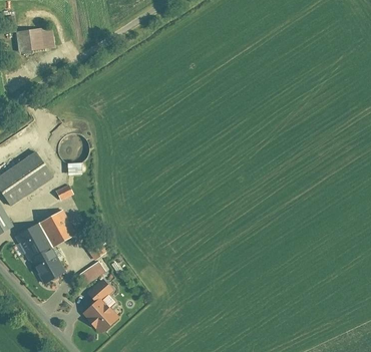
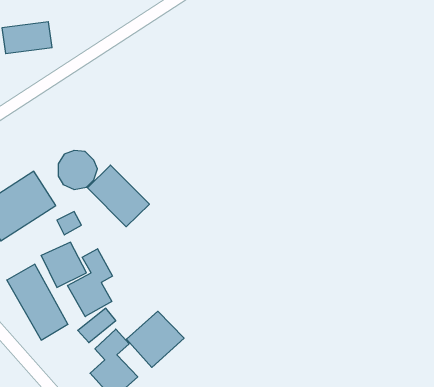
building: none -> [87,165,149,227]
building: none -> [68,249,112,317]
building: none -> [126,311,184,367]

